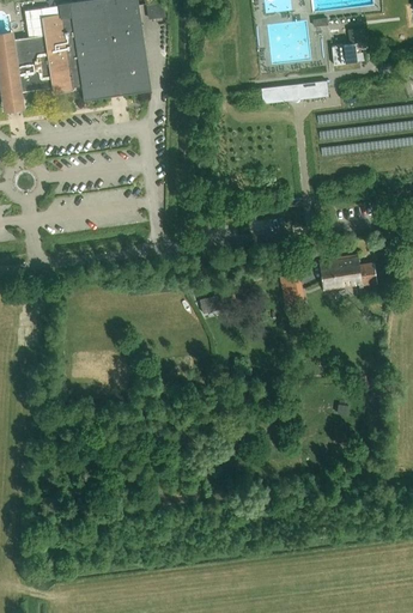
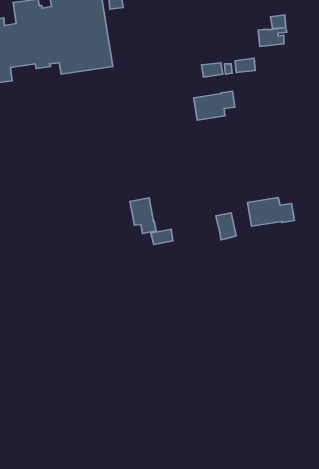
building: none -> [194,91,235,120]
building: none -> [130,198,156,233]

